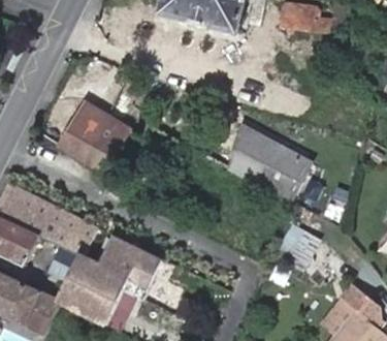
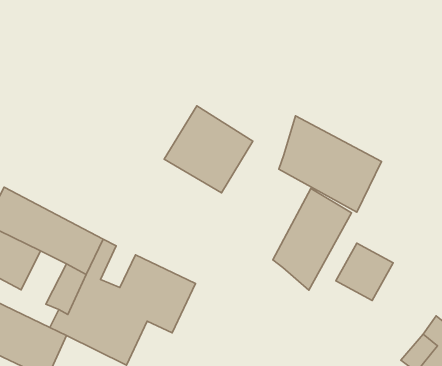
building: [60,101,130,171] -> [164,106,253,193]
building: none -> [273,188,351,290]

